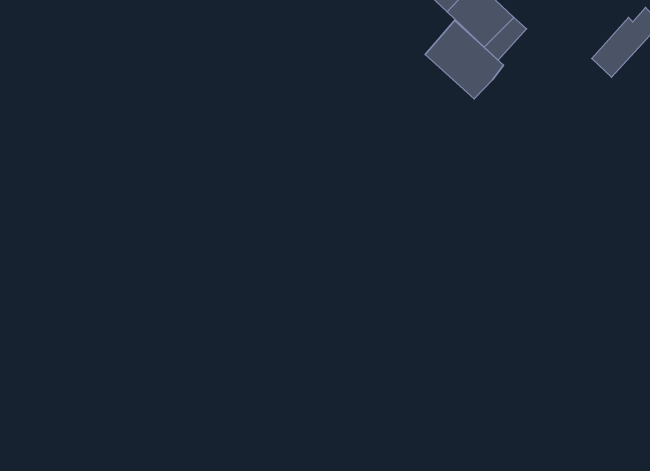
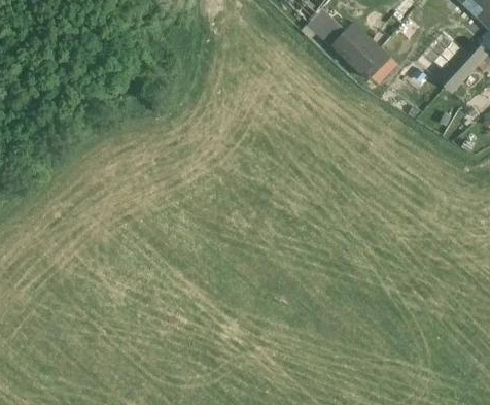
building: [425,21,504,99] -> none

